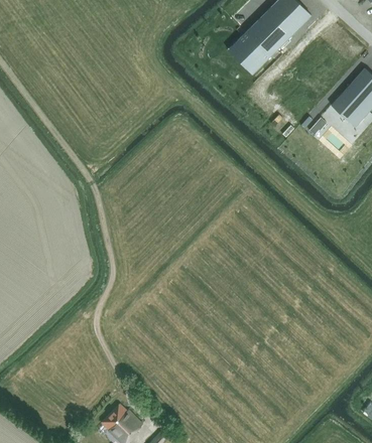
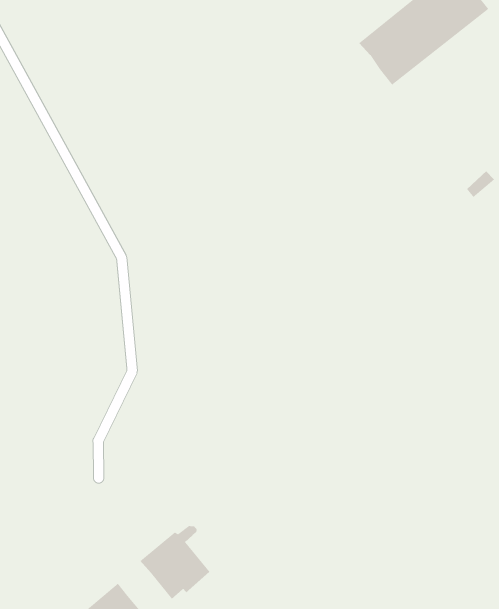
building: none -> [140,525,210,599]

